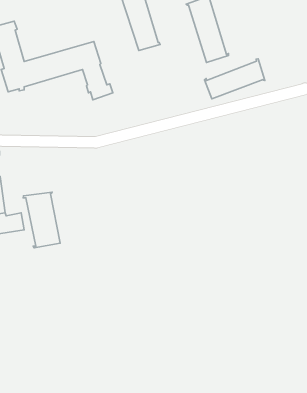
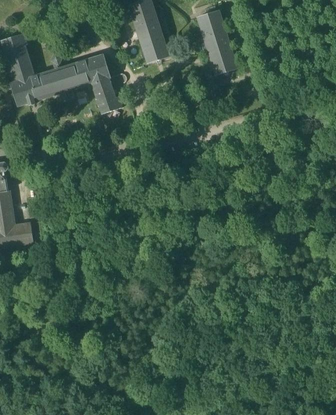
building: [205,59,265,99] -> none
building: [23,192,60,248] -> none

